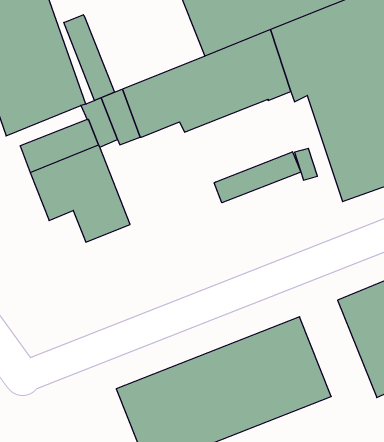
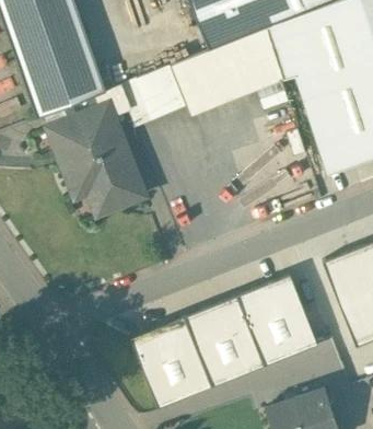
building: [64,15,114,101] -> none
building: [214,152,301,203] -> none

